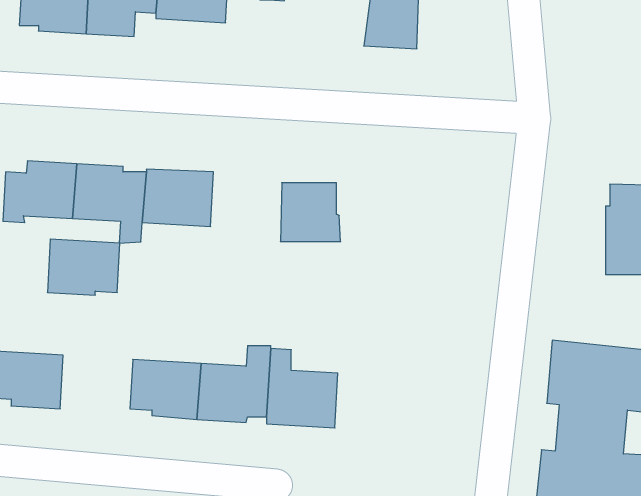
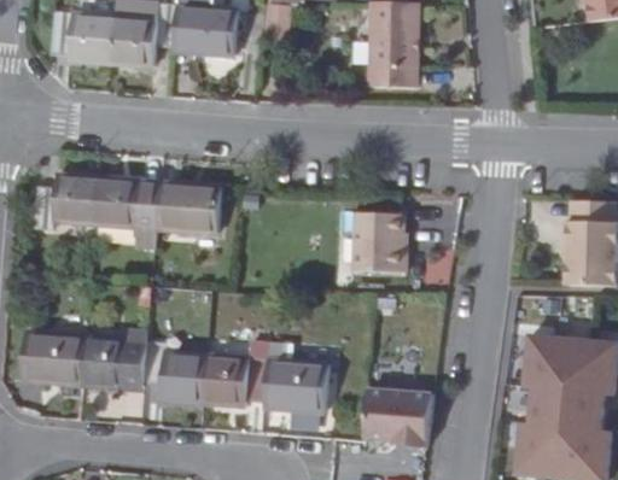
building: [280,183,341,242] -> [355,206,408,258]
building: [47,239,120,295] -> [88,349,152,398]
building: none -> [368,382,438,439]

